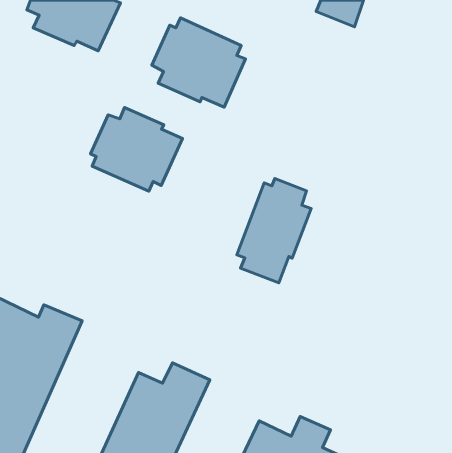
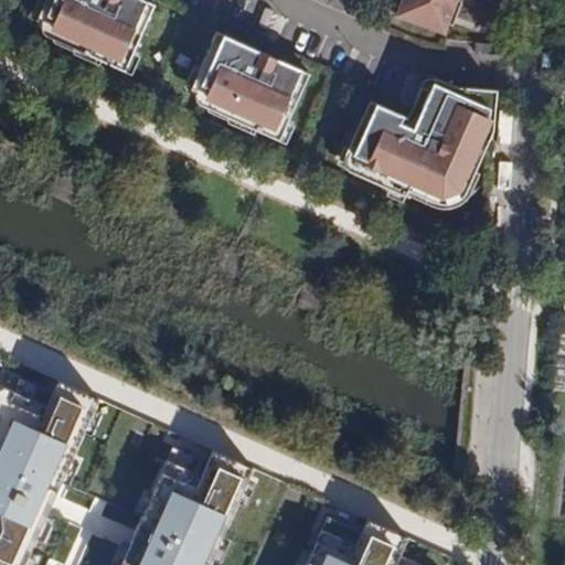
building: none -> [339,82,491,212]
building: [91,107,182,191] -> none
building: [237,178,311,283] -> none

